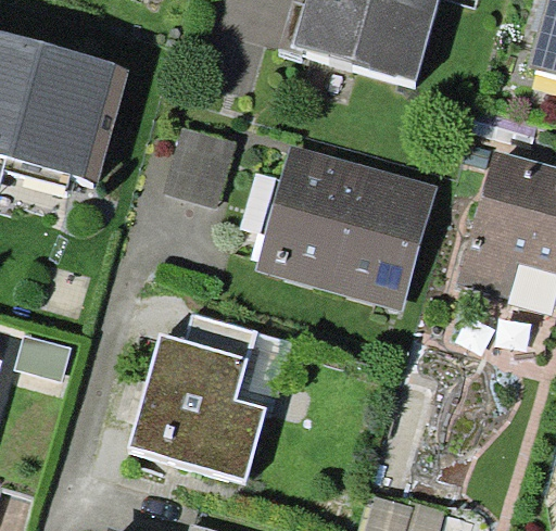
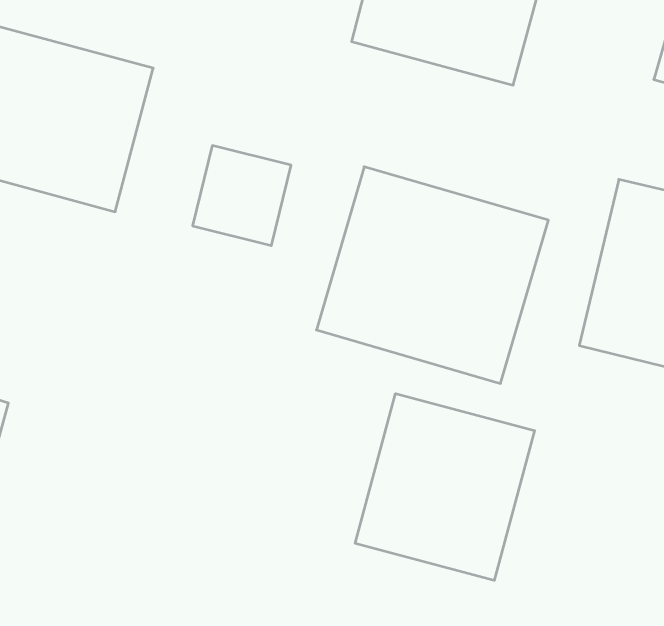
building: none -> [355,394,535,580]
building: [124,340,261,482] -> none

